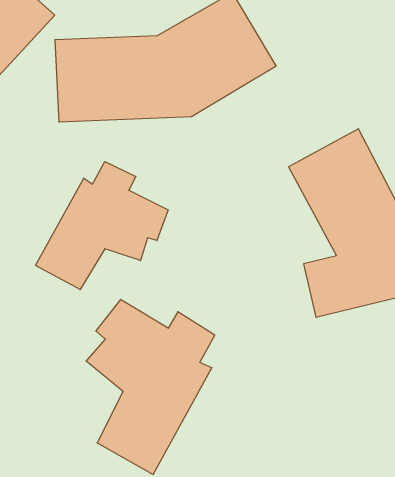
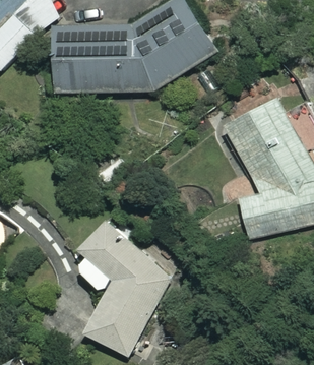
building: [36,162,168,290] -> none

